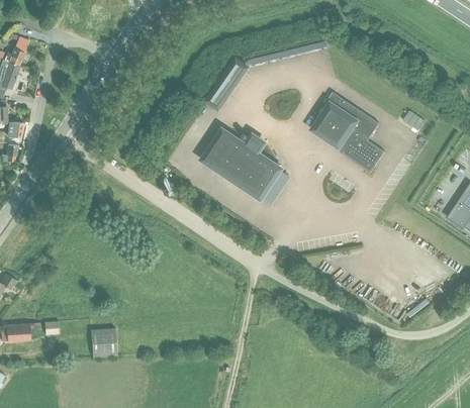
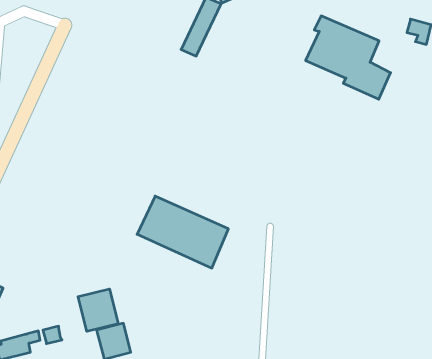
building: [201,129,281,200] -> [137,196,228,268]
building: none -> [78,289,118,331]

